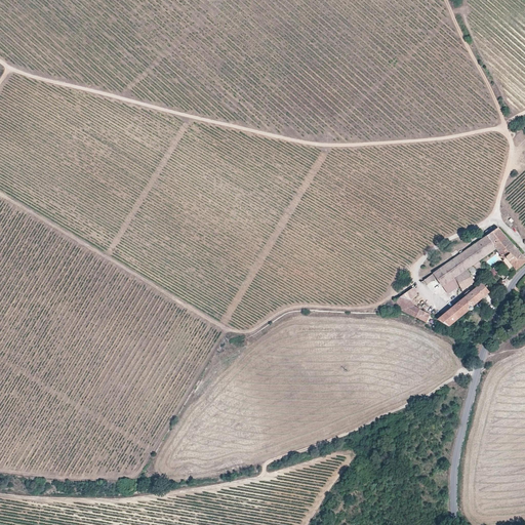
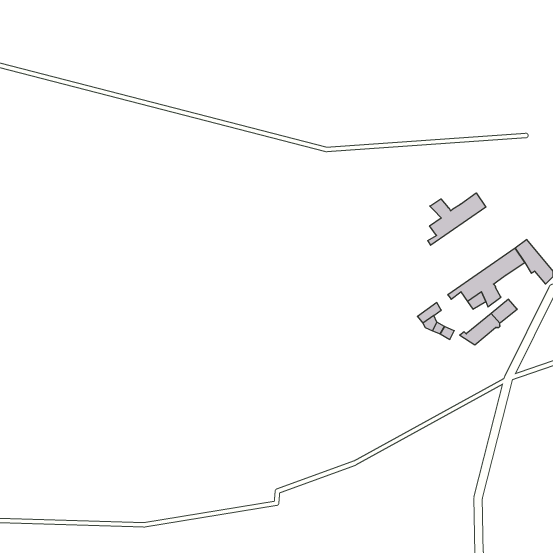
building: none -> [428,193,486,245]

